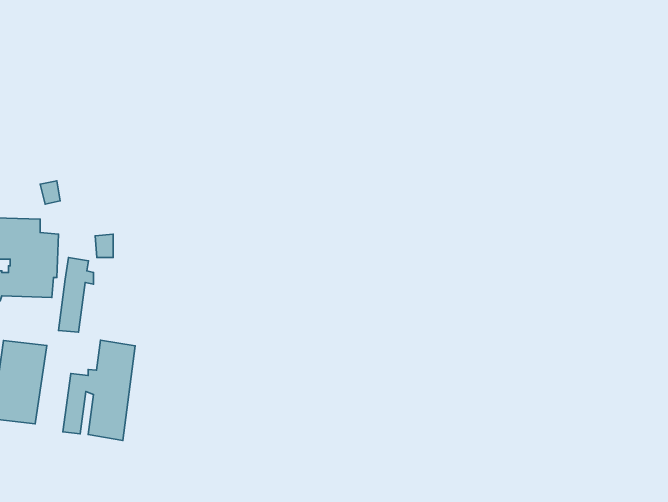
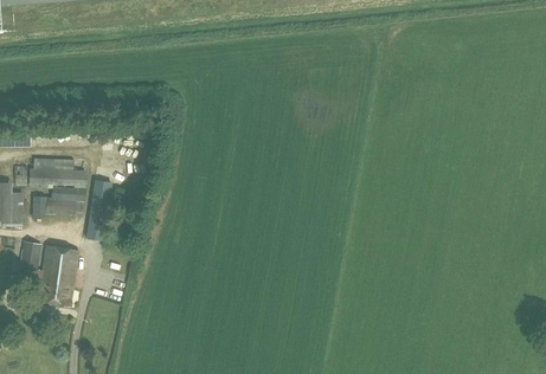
building: [63,340,135,441] -> none

